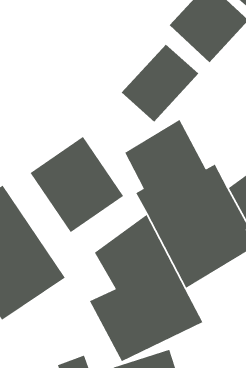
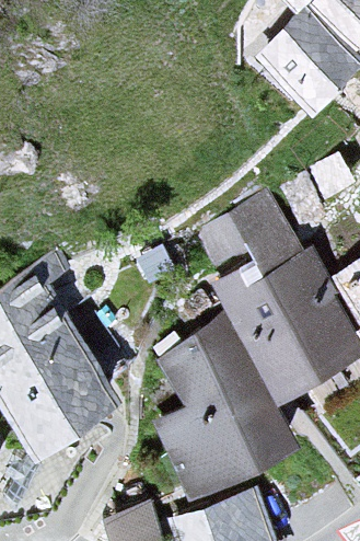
building: [121,44,199,122] -> none
building: [30,136,124,233] -> none

